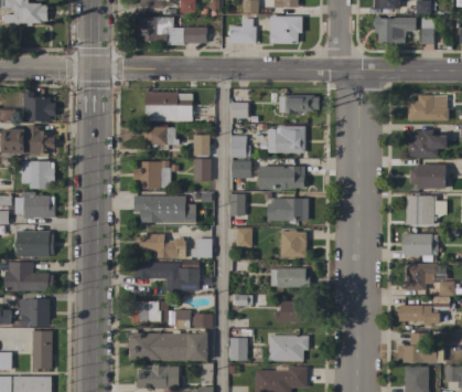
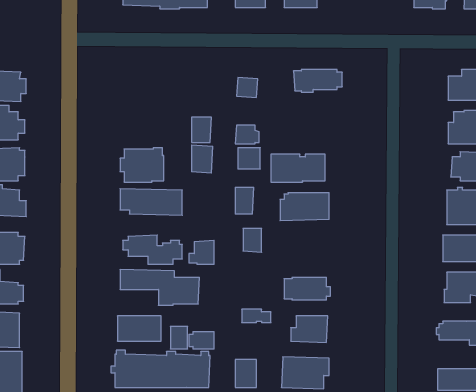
building: [144,92,193,120] -> none
building: [144,126,179,145] -> none
building: [267,126,304,153] -> none
building: [278,230,307,257] -> none

